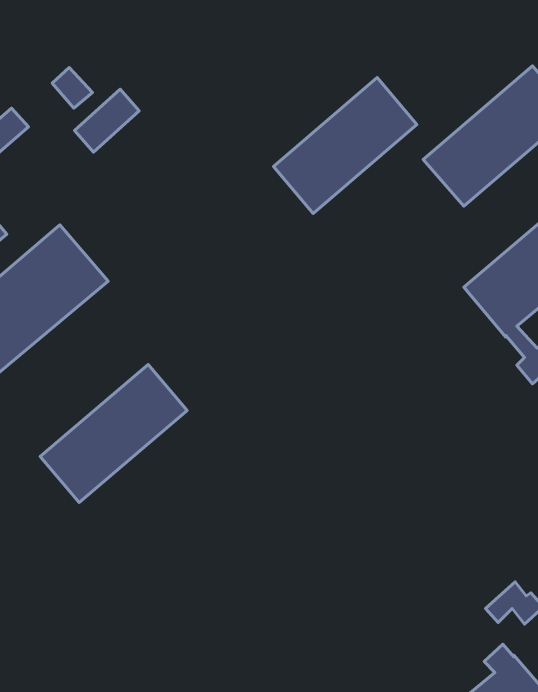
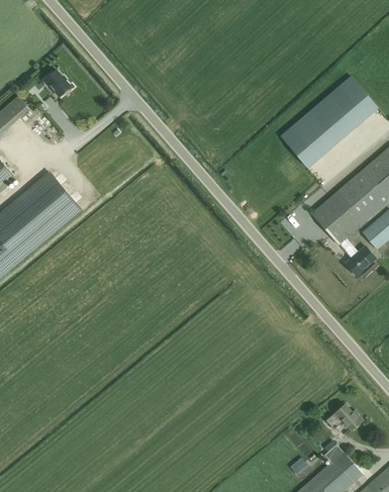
building: [273,78,417,213] -> none
building: [75,89,139,152] -> none
building: [40,364,187,503] -> none

